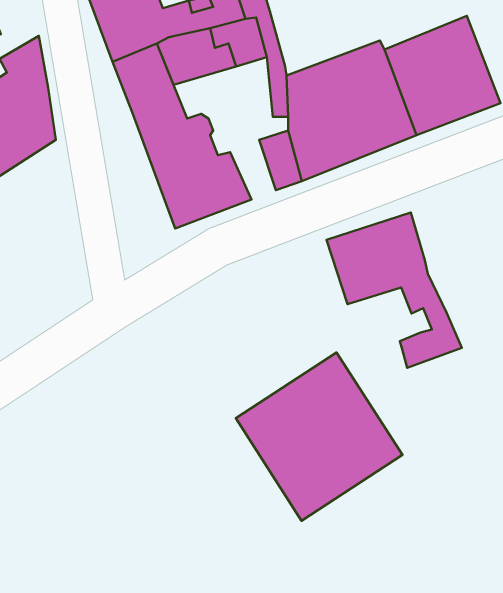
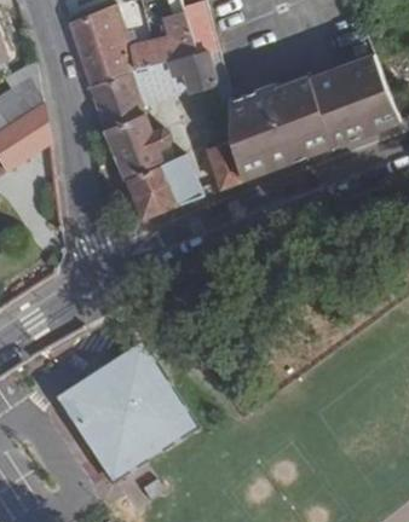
building: [327,212,462,368] -> none
building: [236,352,402,521] -> [59,348,191,481]

